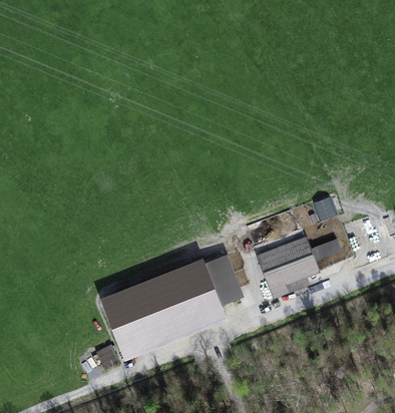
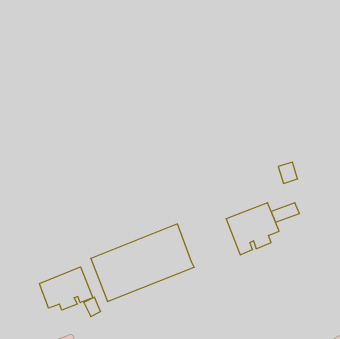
building: [203,257,238,307] -> none
building: none -> [39,267,93,310]

